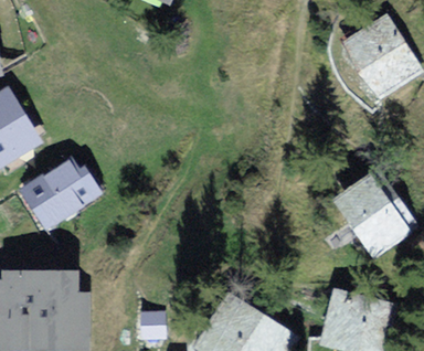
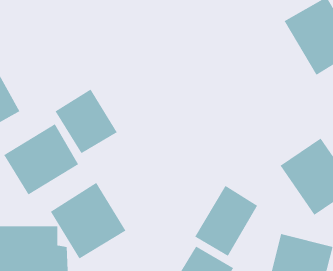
building: none -> [55,89,118,154]
building: none -> [50,182,126,259]
building: none -> [194,185,258,257]

